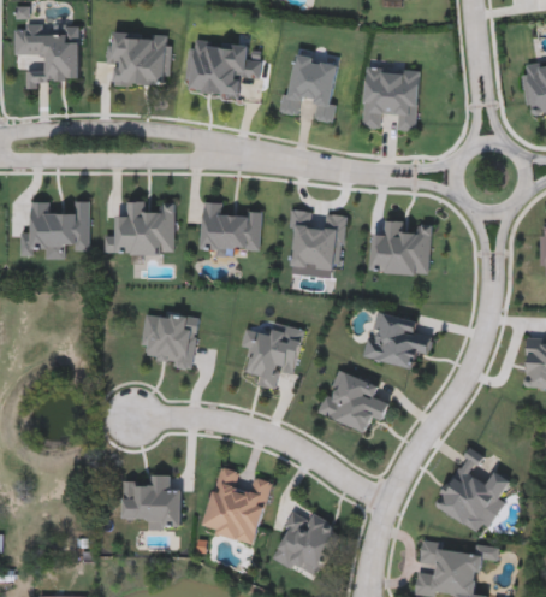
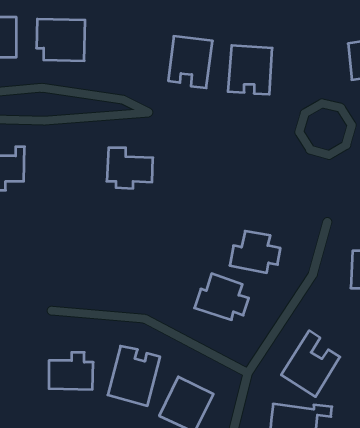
building: [184,39,260,96] -> none
building: [105,200,174,254] -> none
building: [287,208,346,276] -> none
building: [370,220,431,276] -> none
building: [141,311,198,370] -> none
building: [247,321,304,389] -> none

